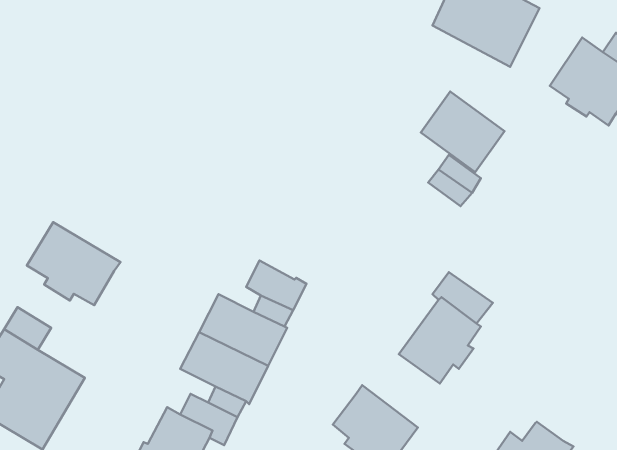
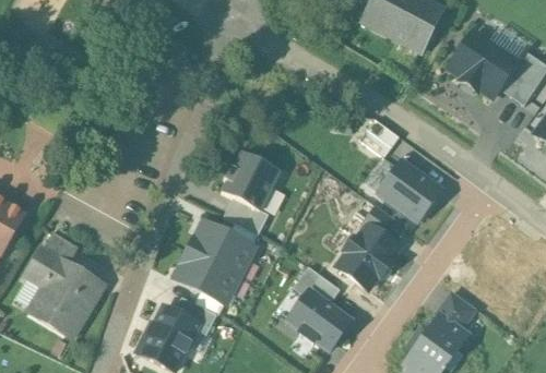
building: [421,92,505,172] -> [378,161,440,221]
building: none -> [221,152,280,212]
building: [27,222,120,305] -> none
building: none -> [293,266,339,304]
building: none -> [434,292,475,332]

